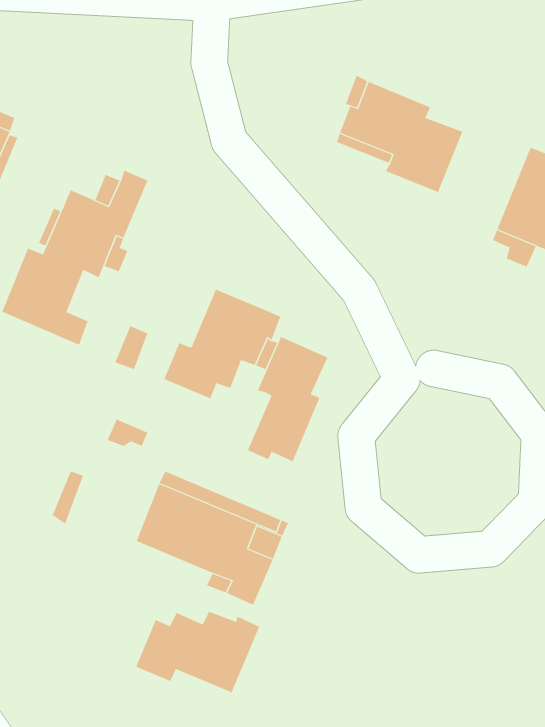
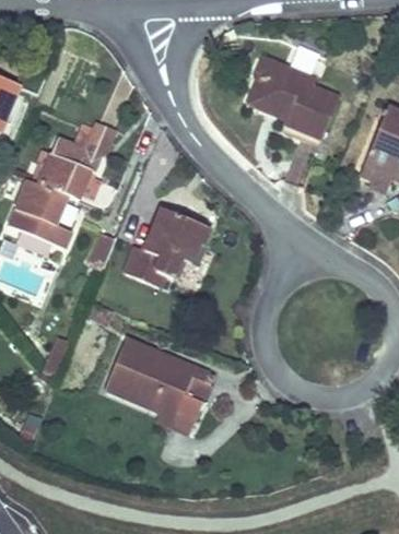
building: [247,336,328,462] -> none
building: [135,611,260,693] -> none

